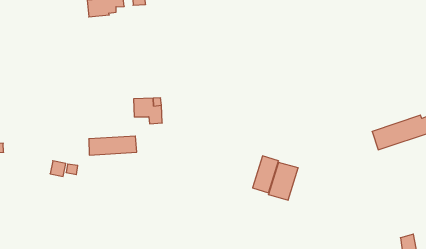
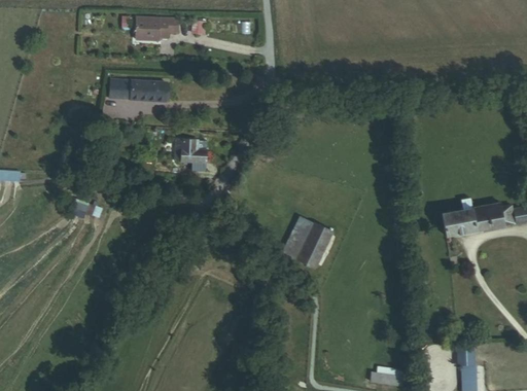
building: [89,136,137,155] -> [110,79,166,102]
building: [268,163,298,200] -> [277,215,315,259]

